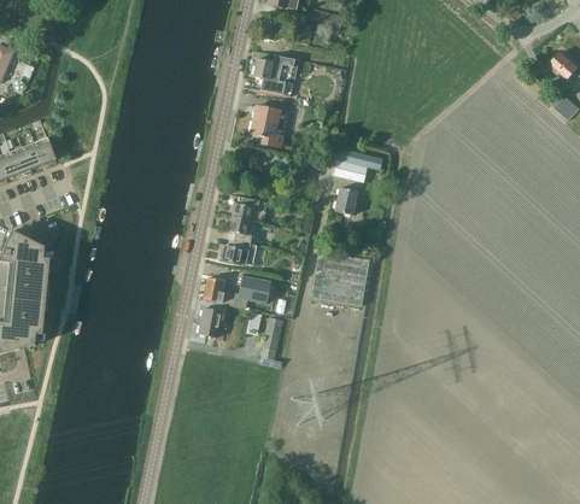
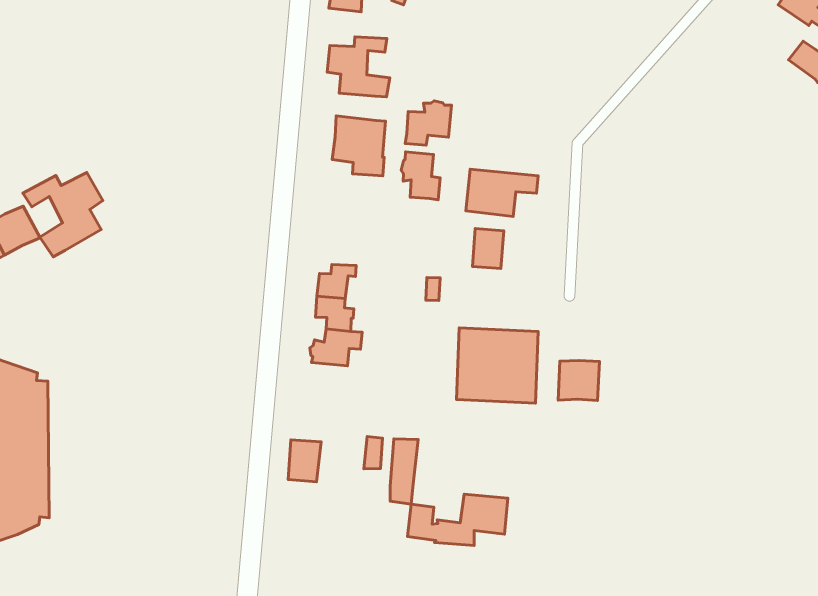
building: none -> [405,101,452,145]
building: none -> [23,173,103,257]
building: none -> [401,152,440,200]
building: [201,276,269,310] -> [407,494,508,545]
building: none -> [558,360,599,400]

